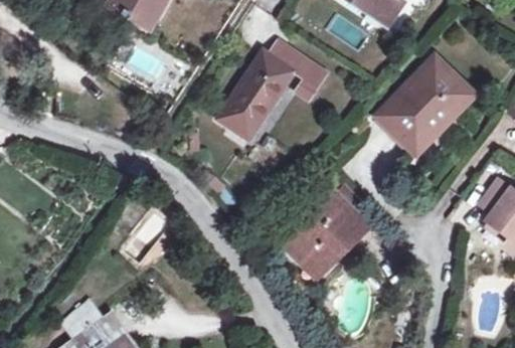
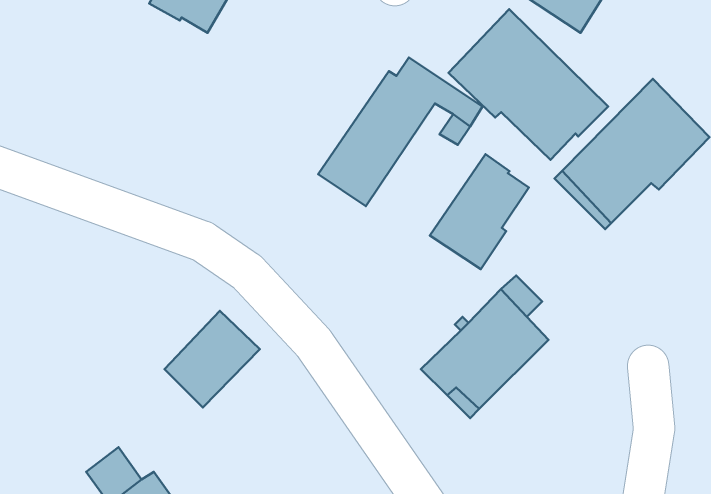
building: none -> [448,9,608,160]
building: none -> [430,154,529,269]

